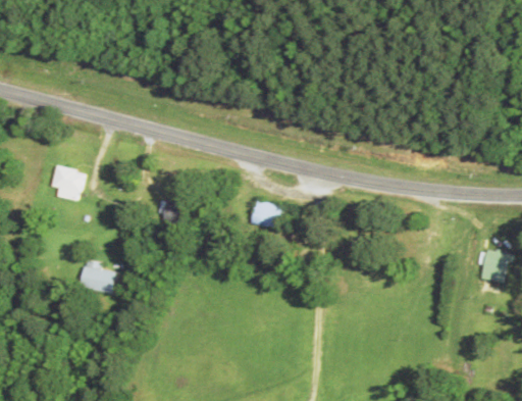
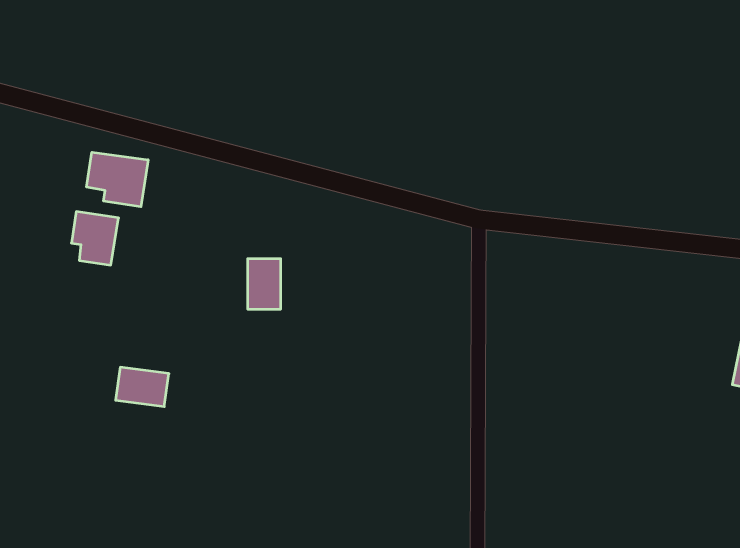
building: none -> [87,152,148,207]
building: [251,199,281,228] -> none

